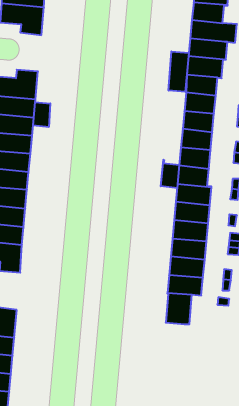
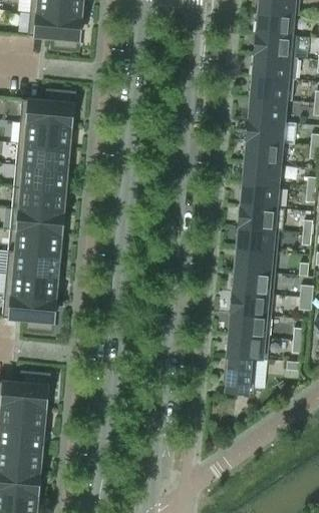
building: [169,51,189,92] -> none
building: [33,102,50,127] -> none
building: [161,160,179,188] -> none

